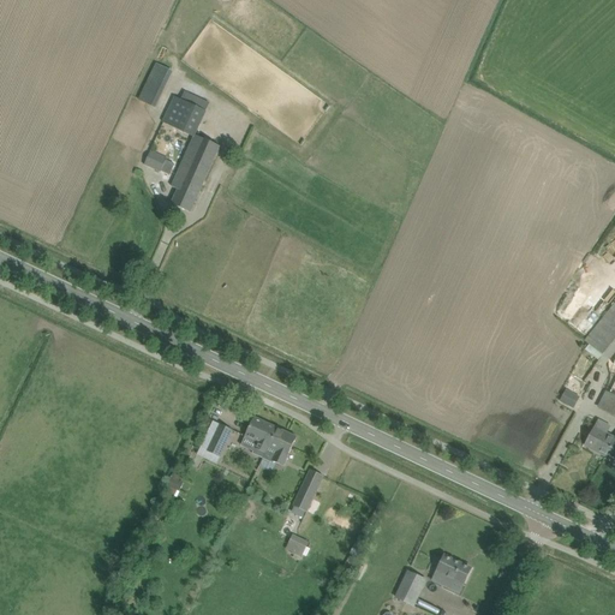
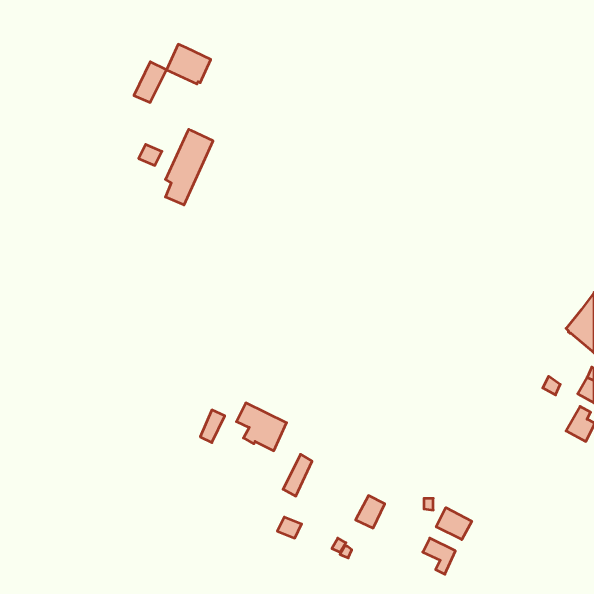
building: [162,95,208,136] -> [167,44,211,84]
building: none -> [436,508,472,540]
building: [394,571,424,604] -> [356,496,385,528]

